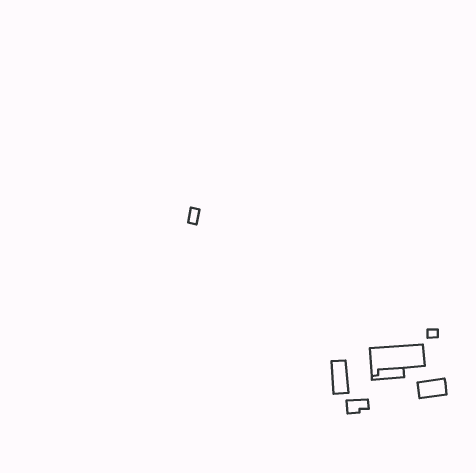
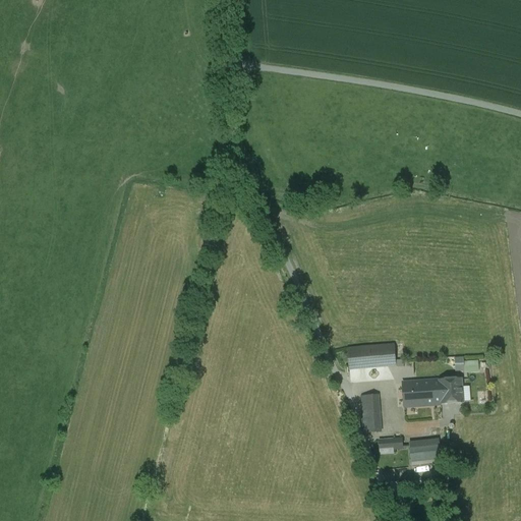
building: none -> [347,342,397,367]
building: [418,379,446,398] -> [409,438,441,459]

